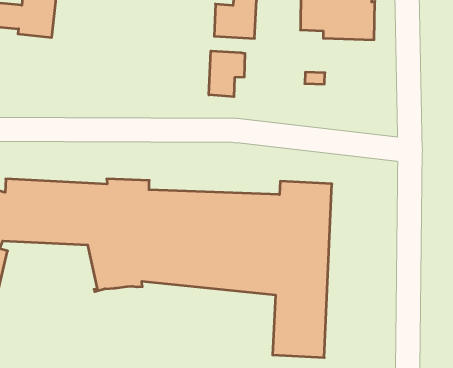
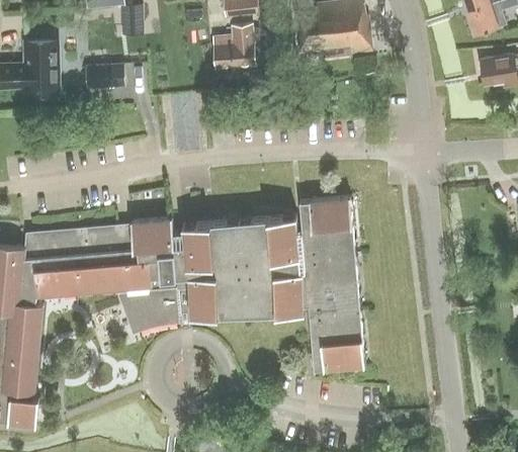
building: none -> [86,65,124,89]
building: [209,51,245,97] -> none

